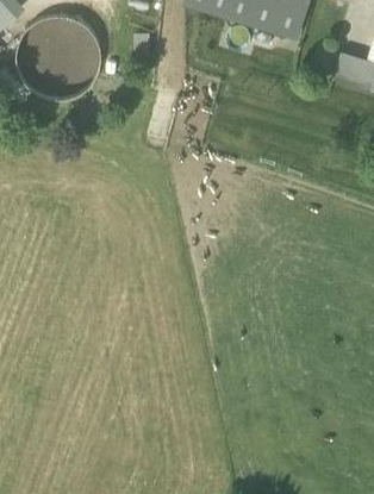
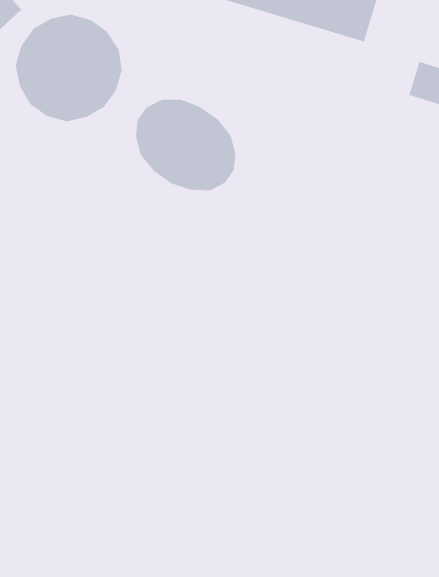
building: none -> [136,99,236,191]

